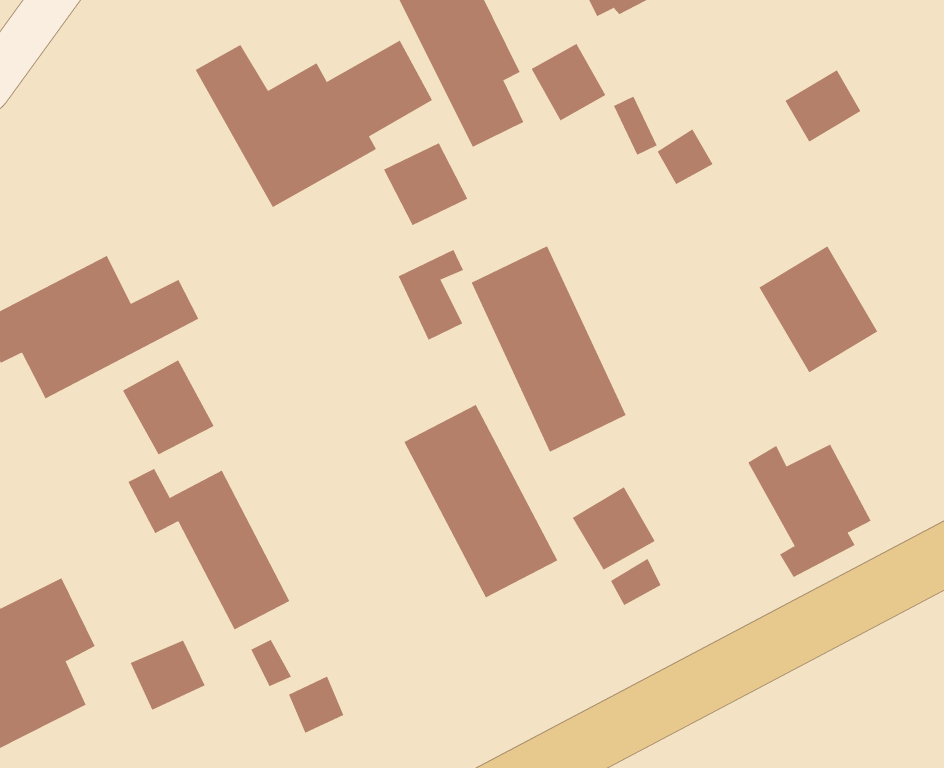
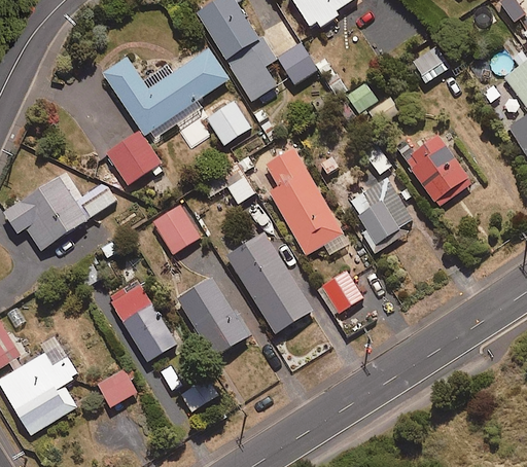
building: none -> [107,131,162,185]
building: [122,359,214,455] -> [152,203,202,253]
building: [747,444,872,578] -> [345,181,412,252]
building: none -> [176,278,249,359]

